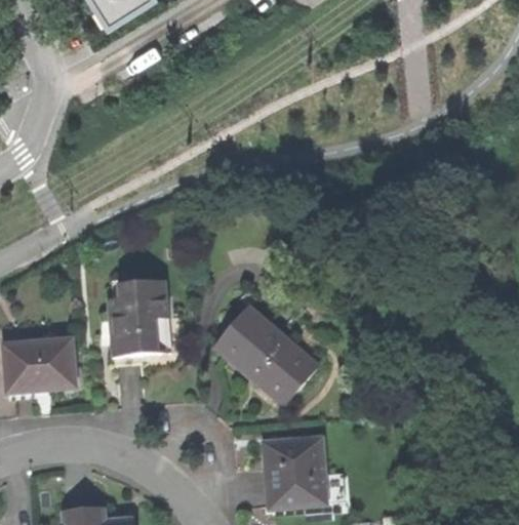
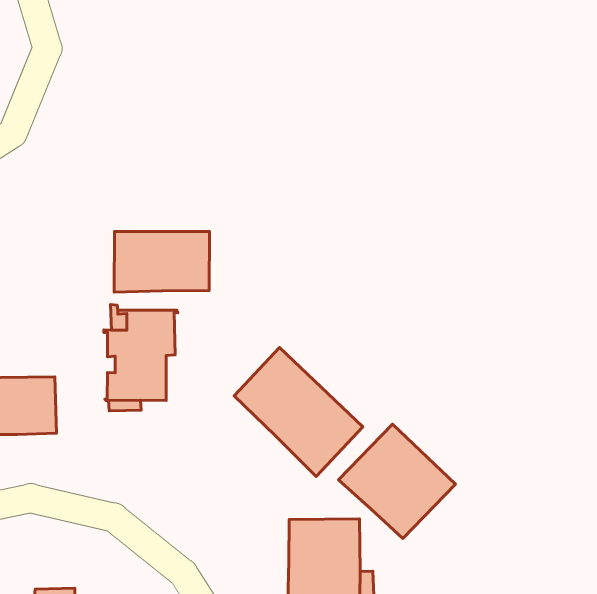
building: none -> [114,231,210,292]
building: none -> [339,424,455,538]

